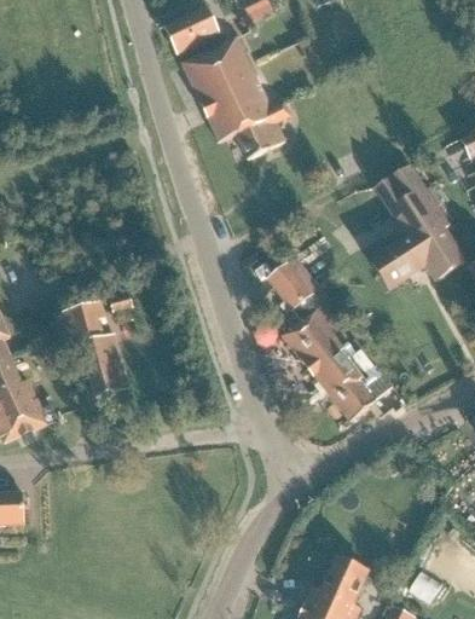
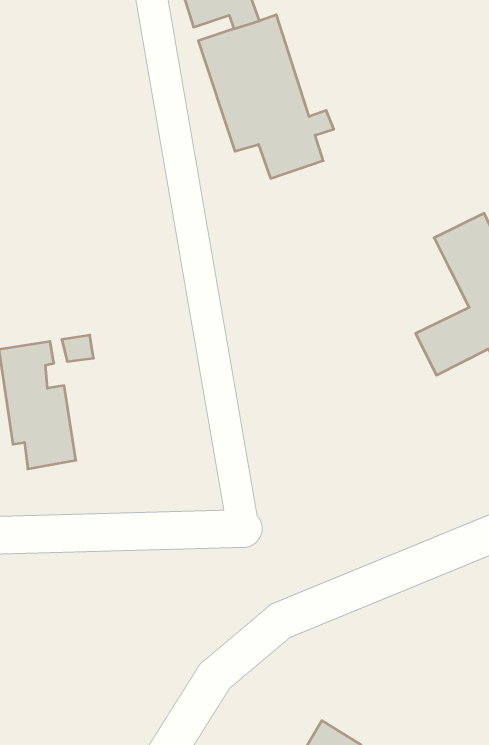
building: [267,262,392,421] -> none

